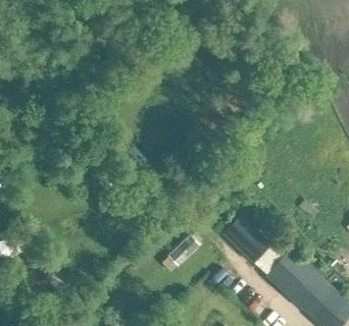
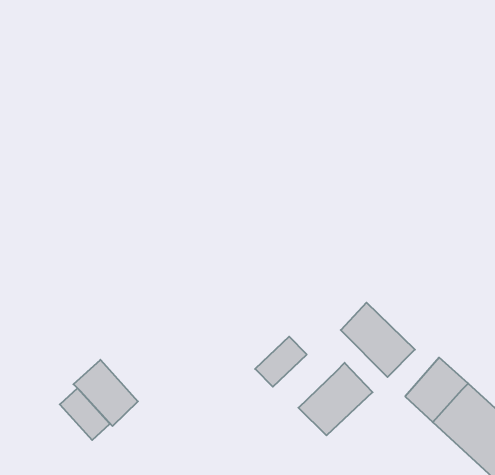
building: none -> [73,360,138,426]
building: none -> [298,363,373,435]

